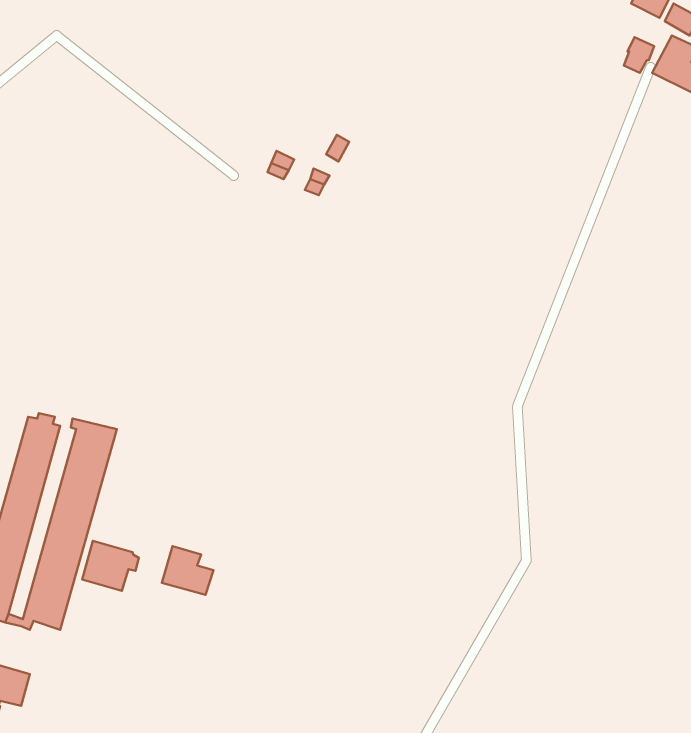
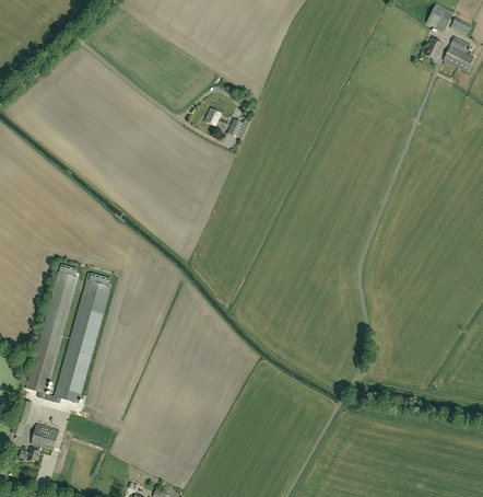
building: [82,541,139,591] -> none
building: [162,546,213,595] -> none

